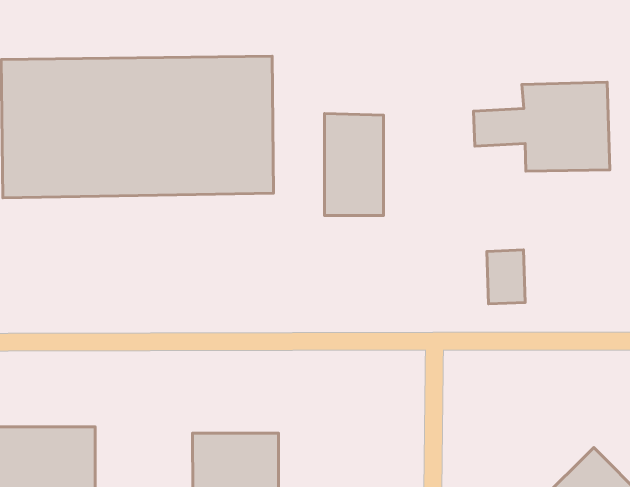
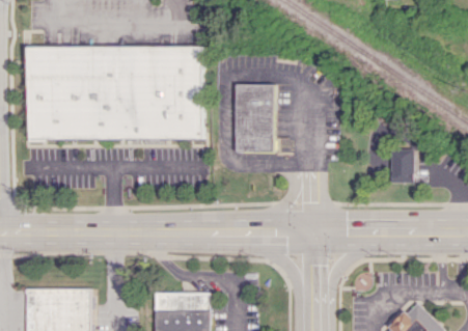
building: [474,82,610,171] -> none
building: [487,250,525,304] -> [389,148,414,184]

